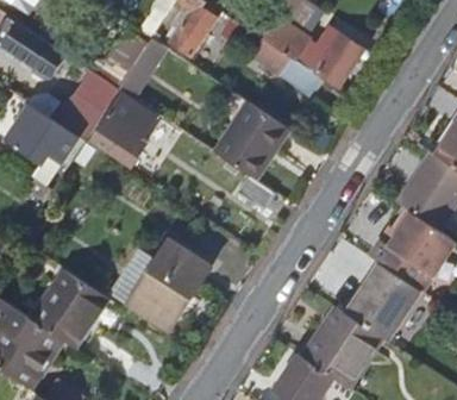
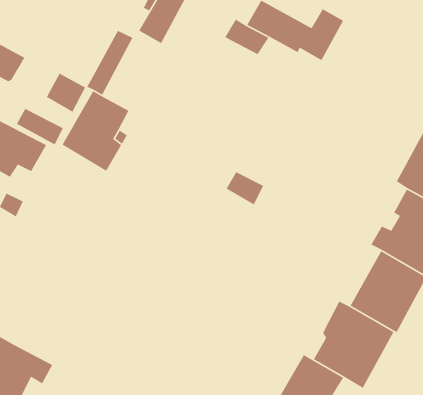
building: [205,94,283,179] -> none
building: [112,239,211,330] -> none
building: [31,268,108,348] -> none

